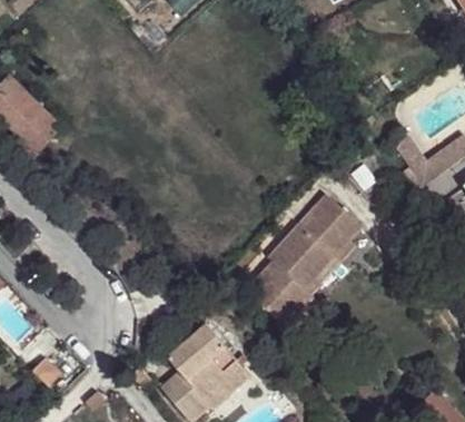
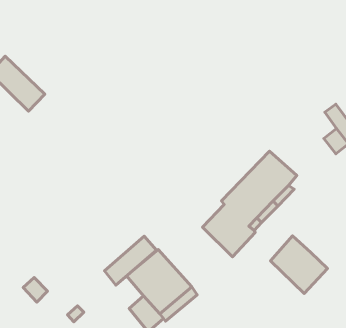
building: none -> [270,236,327,293]
building: none -> [104,236,156,285]

